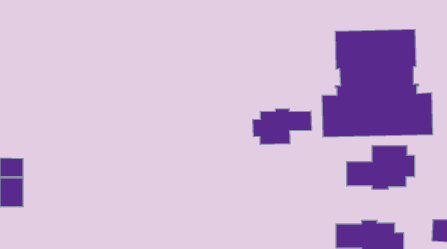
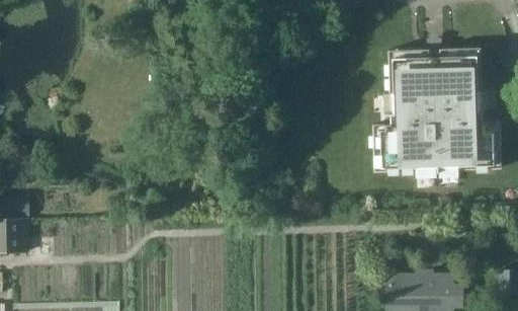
building: [253,109,311,145] -> none
building: [347,145,415,189] -> none

